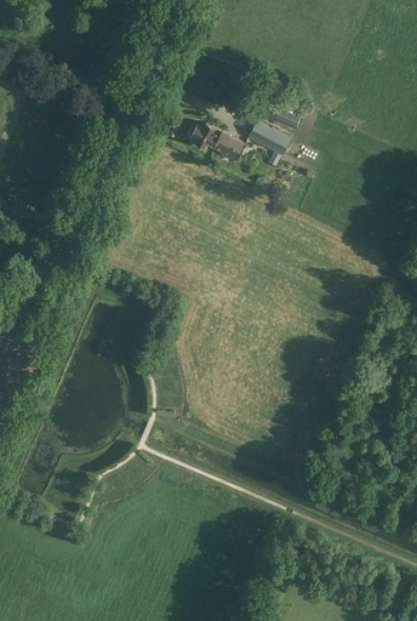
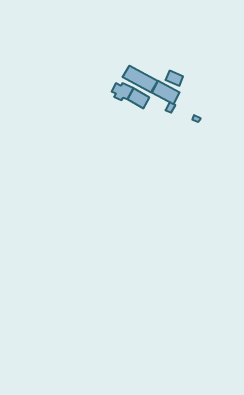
building: none -> [123,66,158,92]

